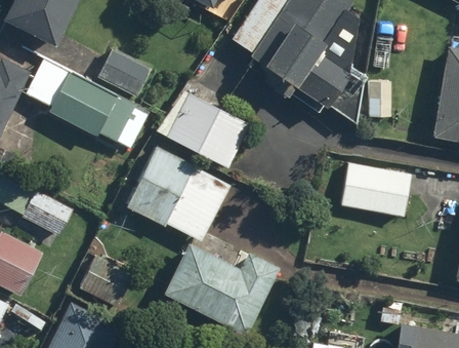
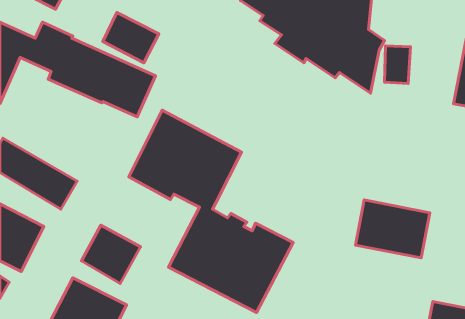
building: [156,89,249,167] -> none
building: [341,161,412,217] -> [356,200,430,258]

